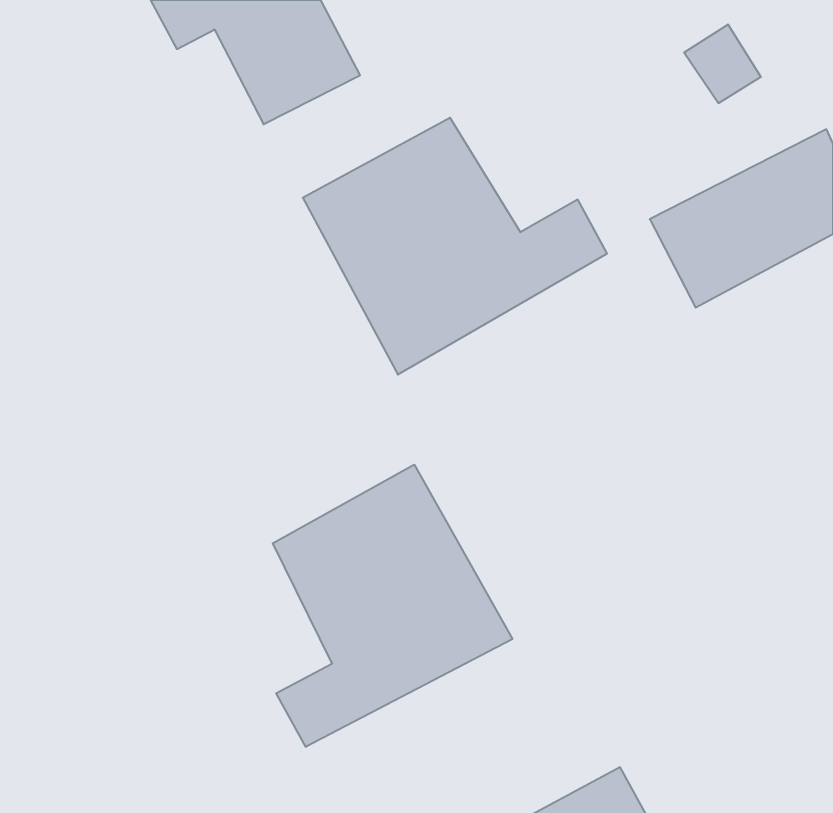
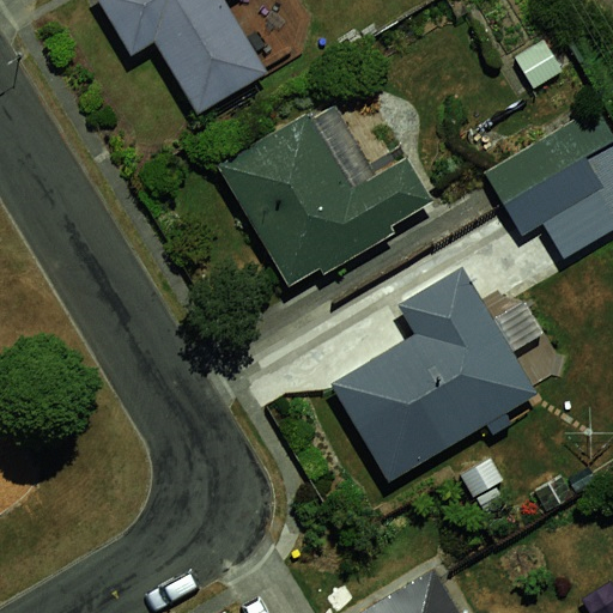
building: none -> [333,299,554,479]
building: [273,465,512,747] -> none

